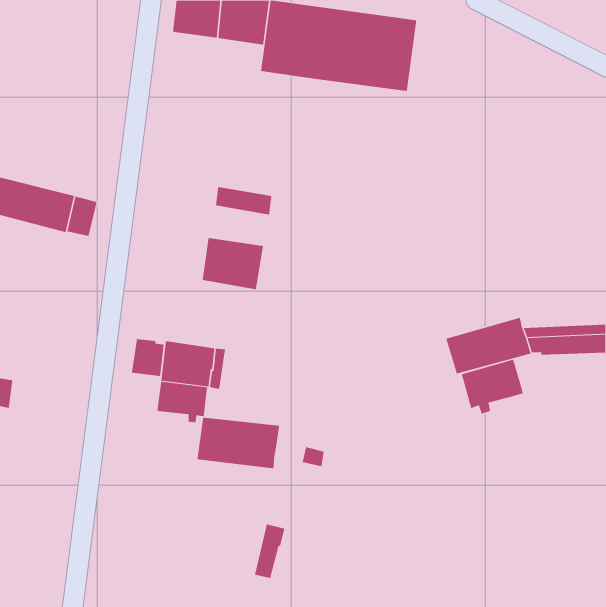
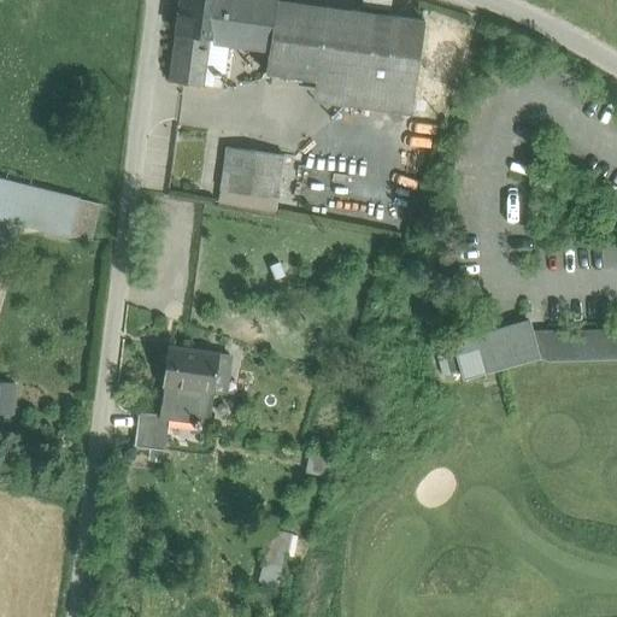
building: none -> [170,33,227,84]
building: none -> [311,80,413,114]
building: [202,238,264,290] -> [221,146,283,199]
building: [131,338,165,376] -> [134,412,168,451]
building: [461,359,523,414] -> none
building: [197,417,280,469] -> none

